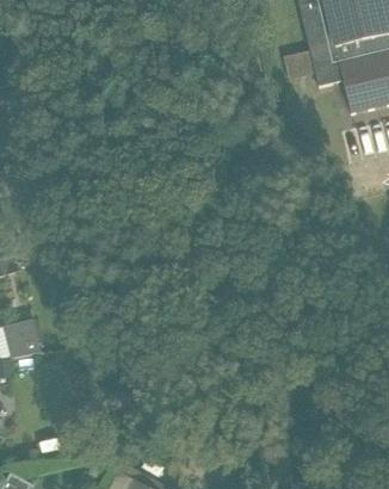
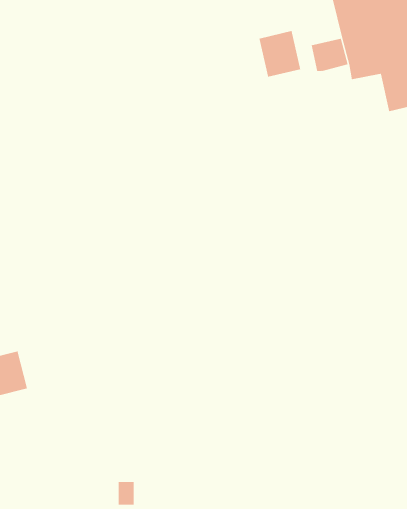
building: none -> [259,30,301,78]

